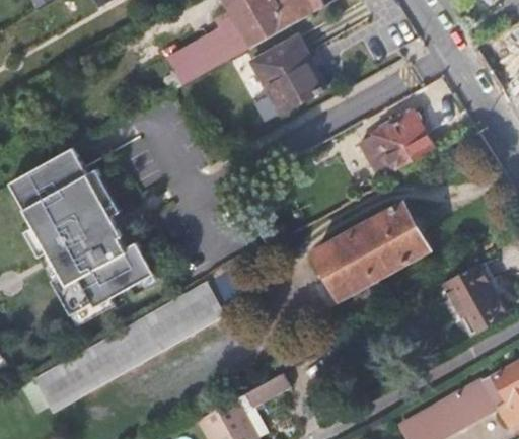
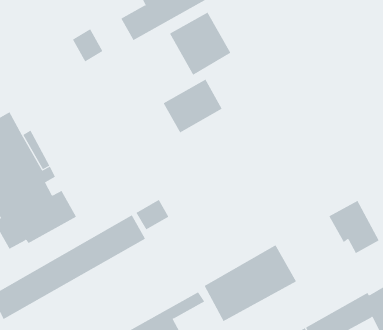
building: [170,44,208,84] -> [72,29,103,62]
building: [362,111,434,176] -> [163,79,222,133]
building: [315,202,428,295] -> [204,245,297,322]

